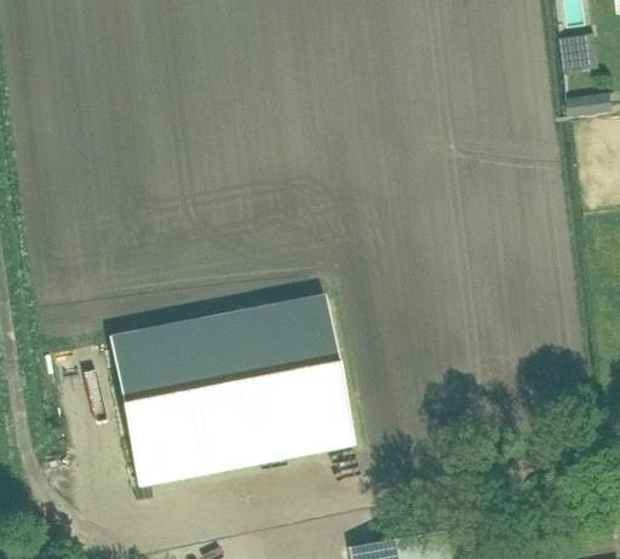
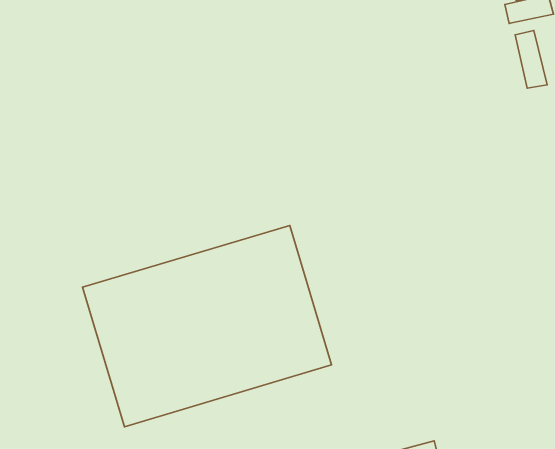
building: none -> [515,30,547,88]

